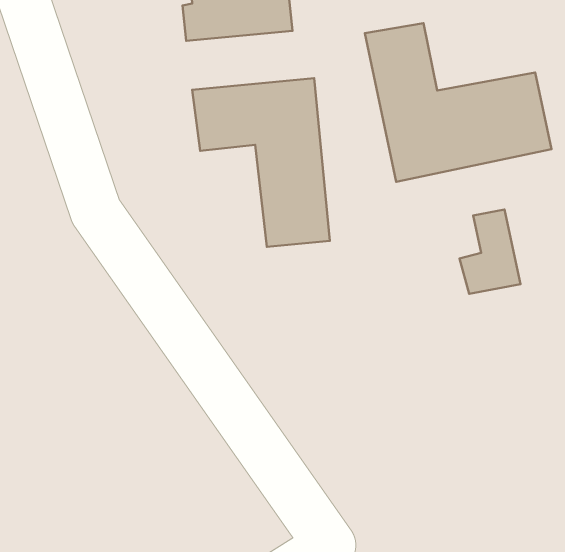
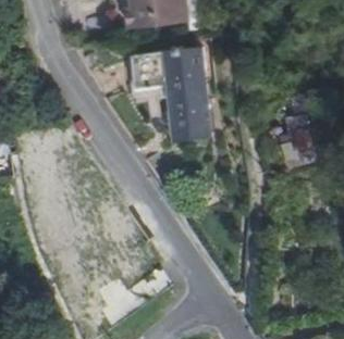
building: [365,23,552,182] -> none

